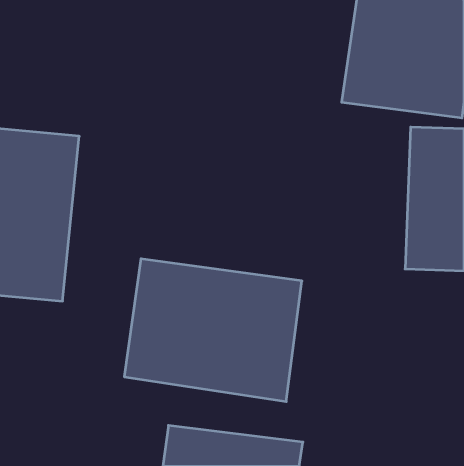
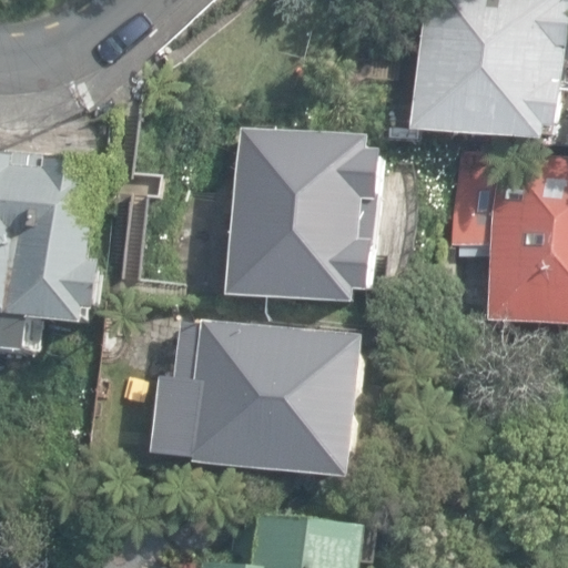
building: none -> [224,118,386,302]

